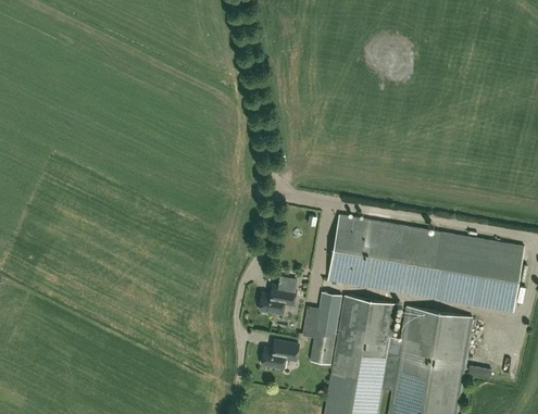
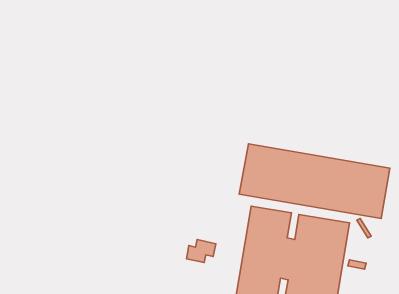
building: [258,286,295,315] -> none
building: [301,292,340,365] -> none

